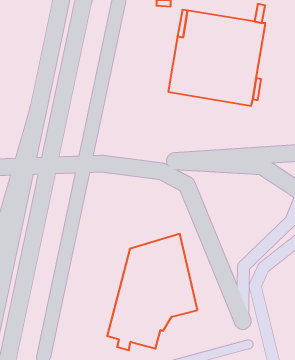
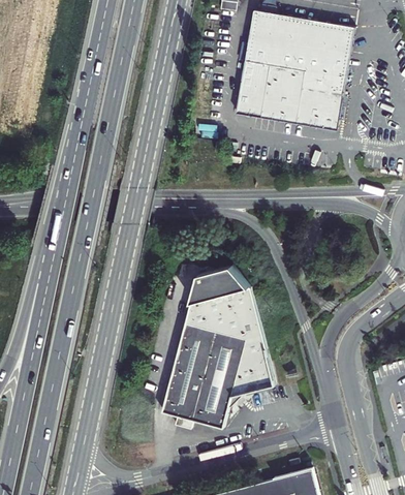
building: none -> [188,269,250,308]

